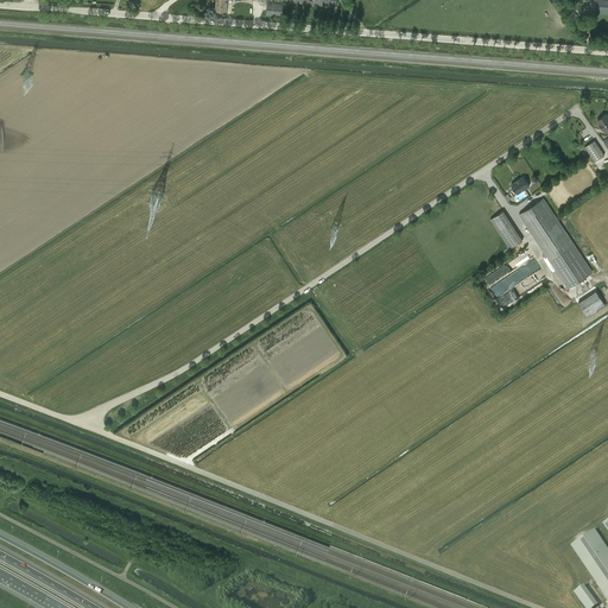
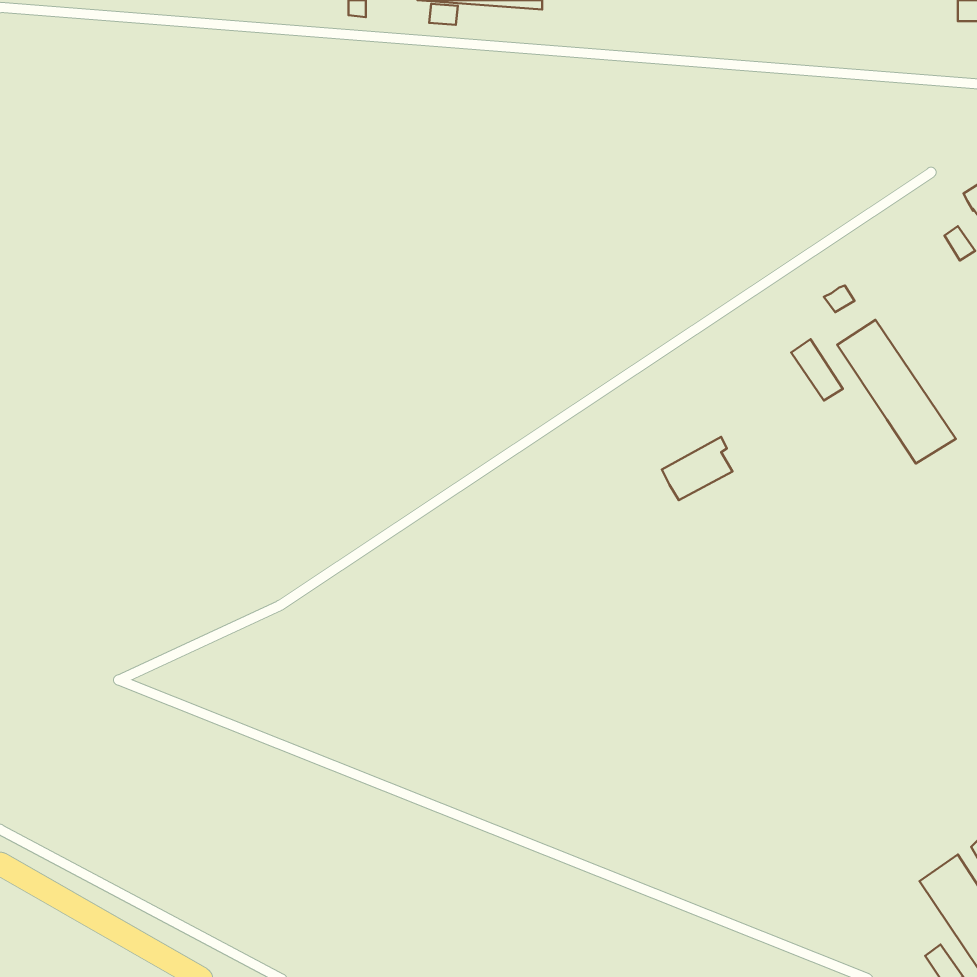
building: [486,258,530,297] -> [662,437,733,500]

